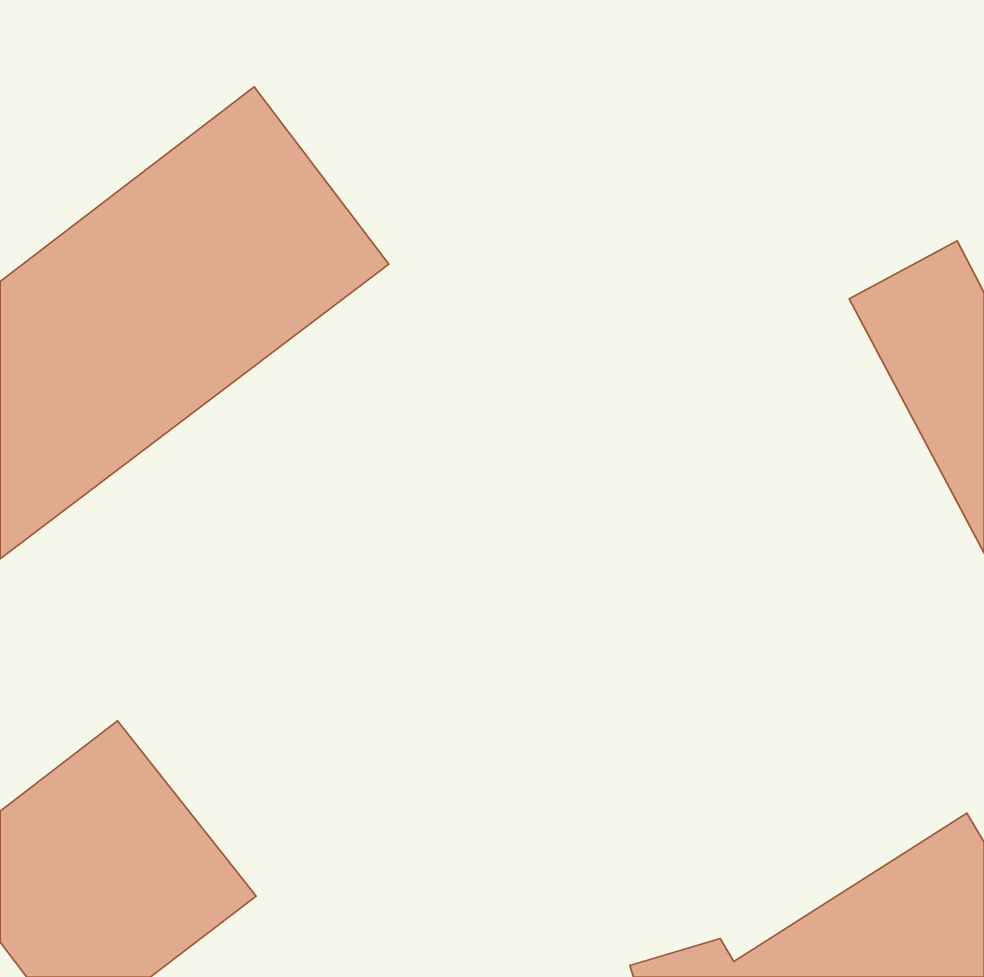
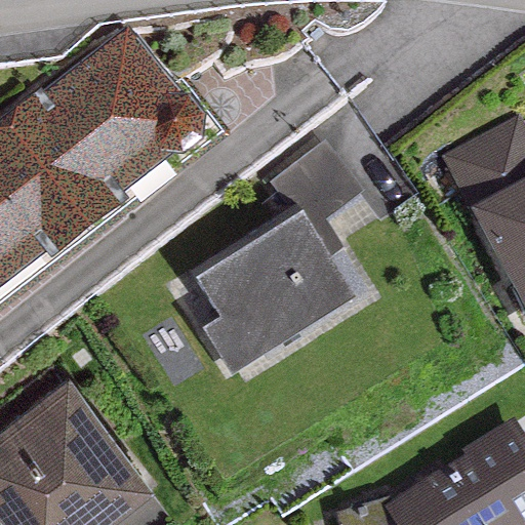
building: none -> [189,145,355,351]

